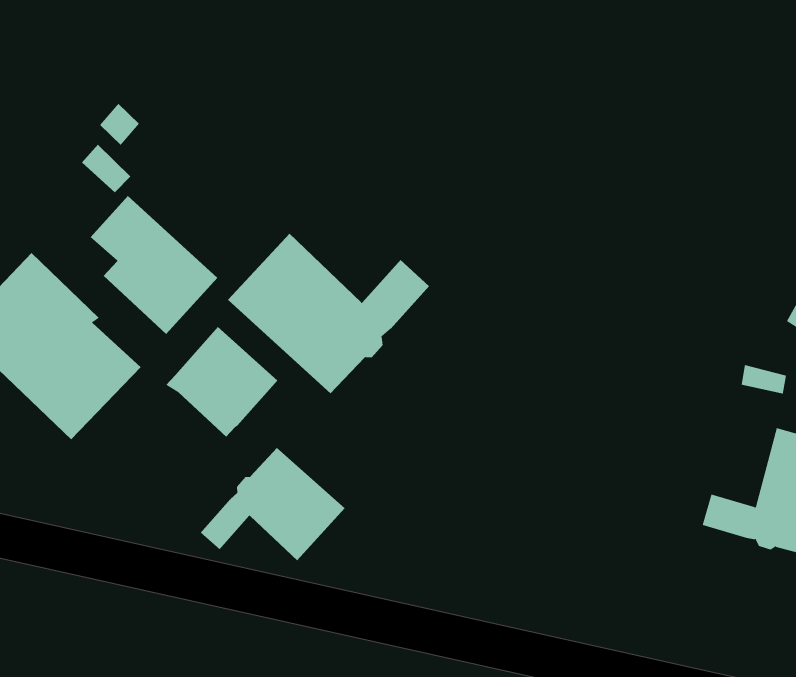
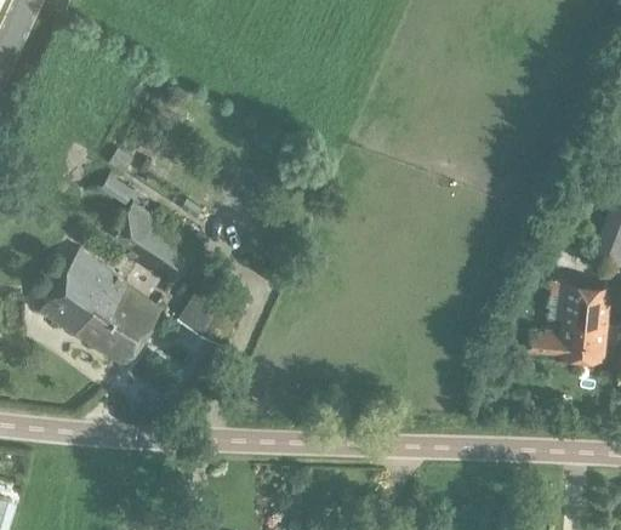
building: [227,233,430,394] -> none
building: [200,447,345,561] -> none

